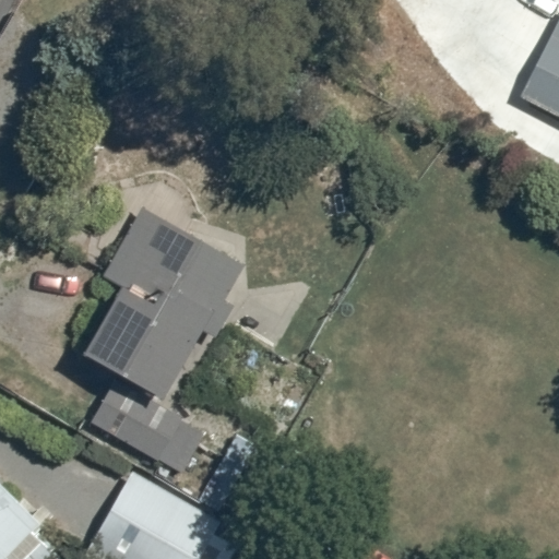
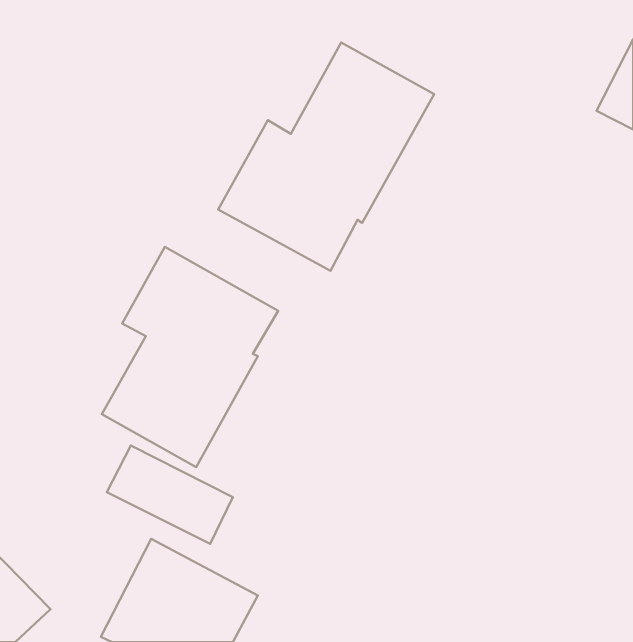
building: none -> [218,43,434,271]

